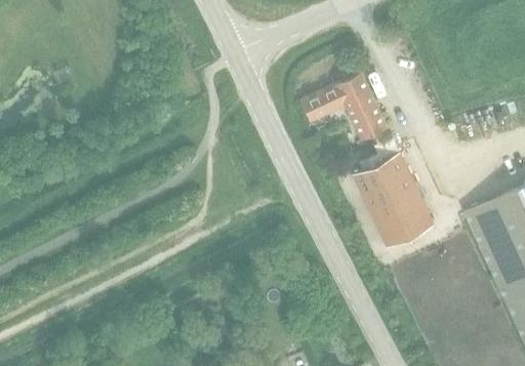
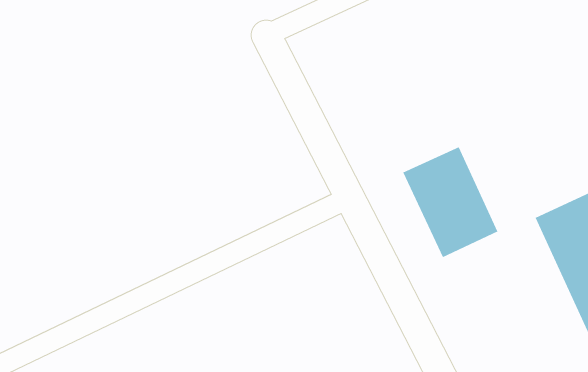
building: [300,73,388,140] -> none

